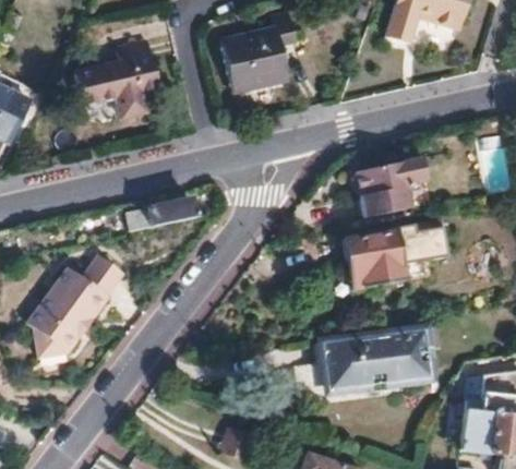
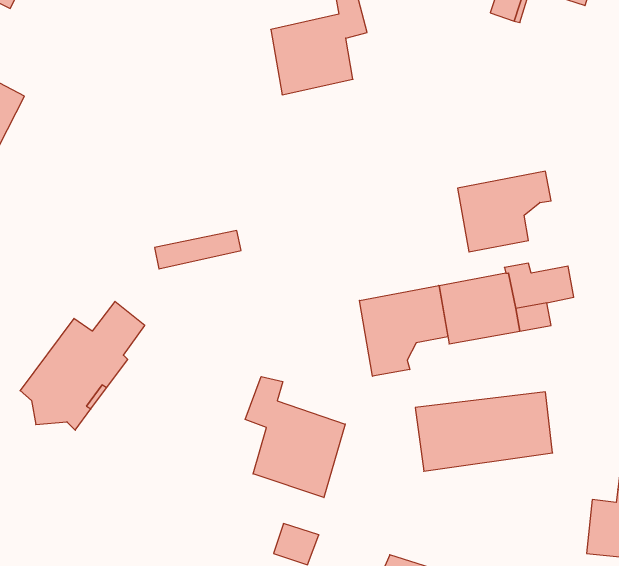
building: [71,40,154,116] -> none
building: none -> [359,285,448,376]
building: none -> [245,377,345,498]

